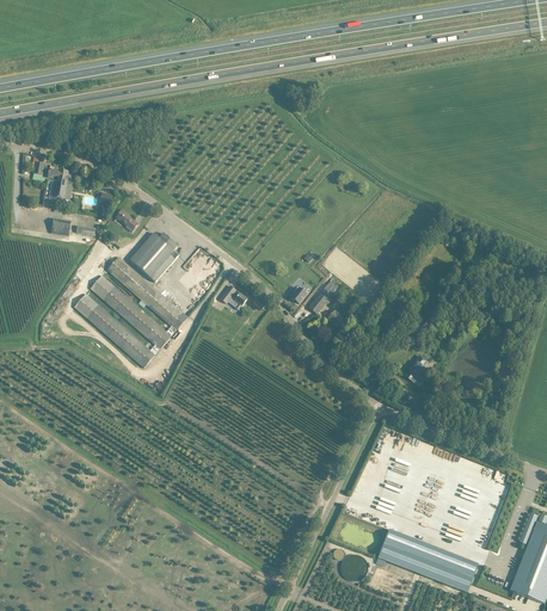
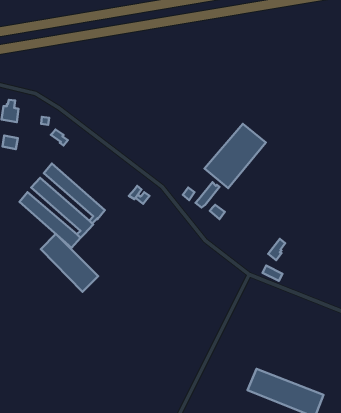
building: none -> [204,124,266,188]
building: [129,233,178,283] -> none
building: none -> [41,234,98,292]

